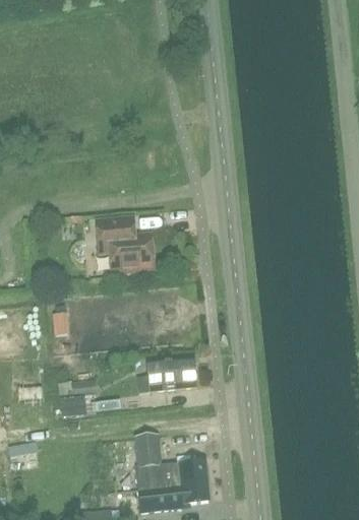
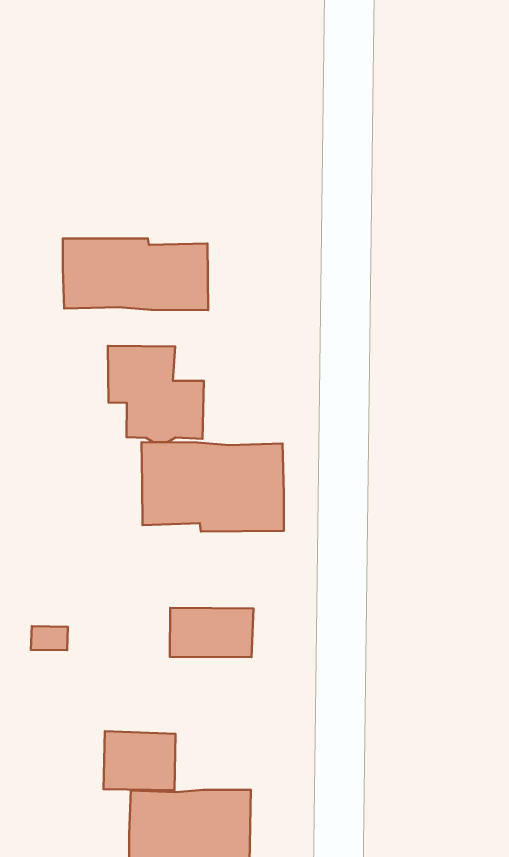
building: none -> [63,238,208,310]
building: none -> [142,442,284,532]

